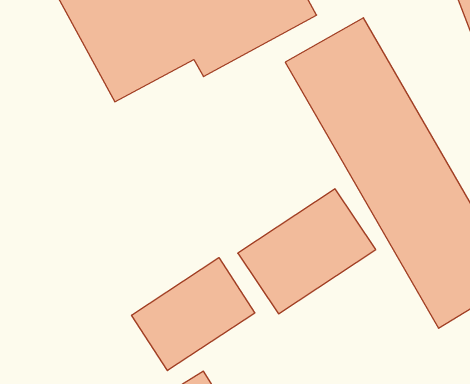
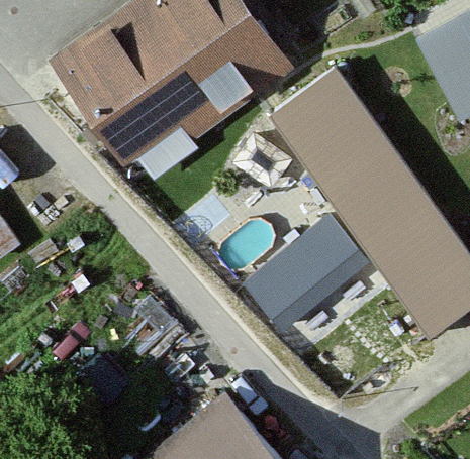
building: [132,258,255,371] -> none

